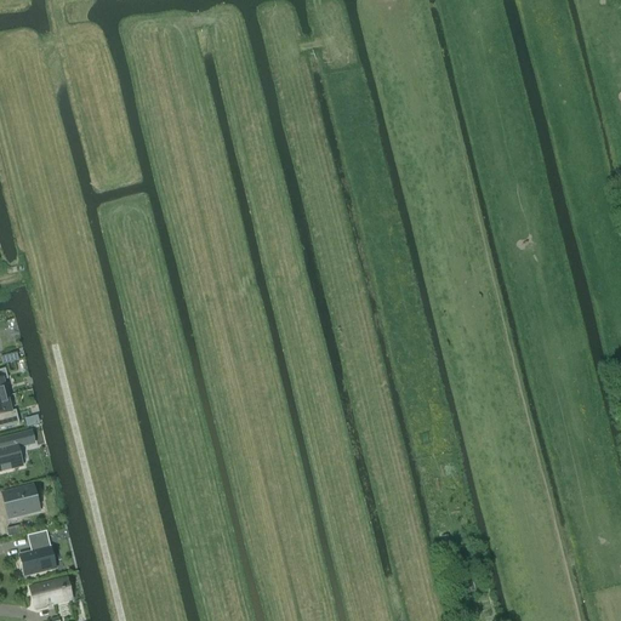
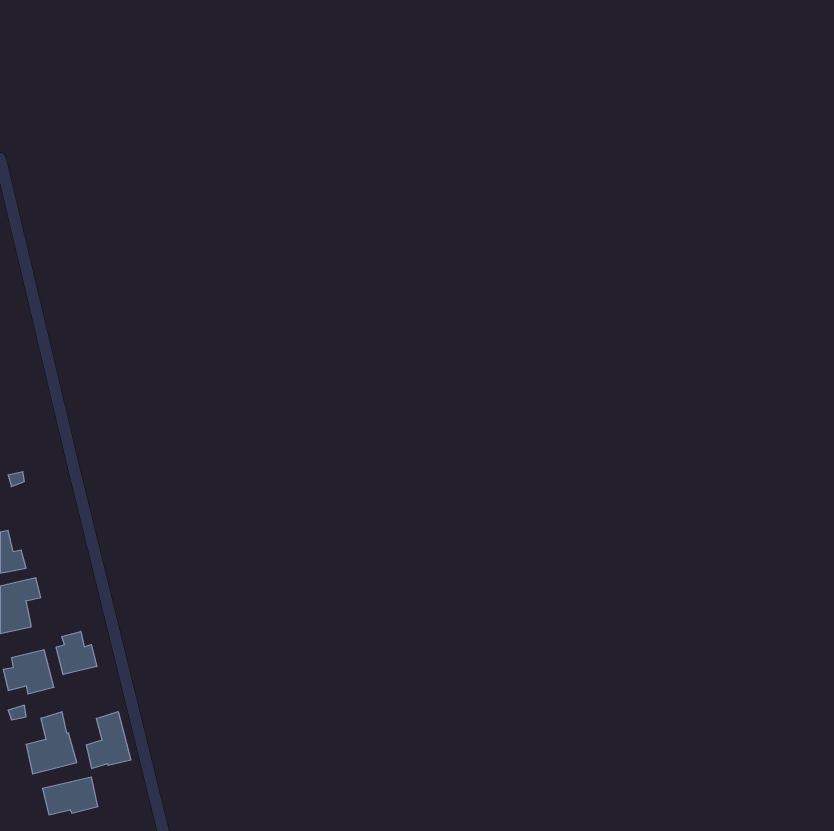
building: none -> [56,631,97,675]
building: none -> [86,712,131,769]

